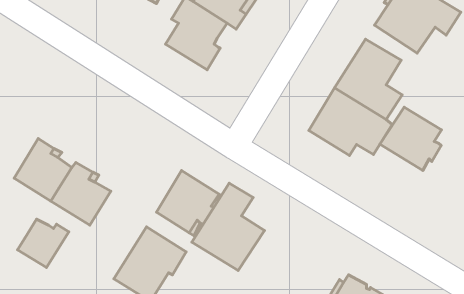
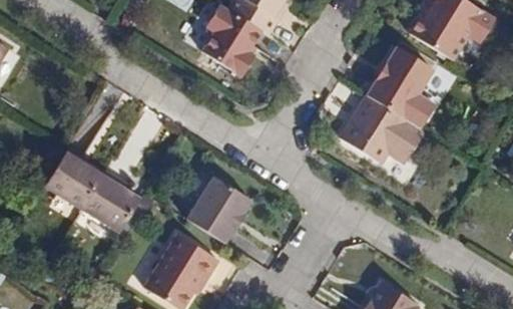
building: [380,107,442,170] -> none
building: [192,183,264,270] -> none
building: [18,219,69,267] -> none

